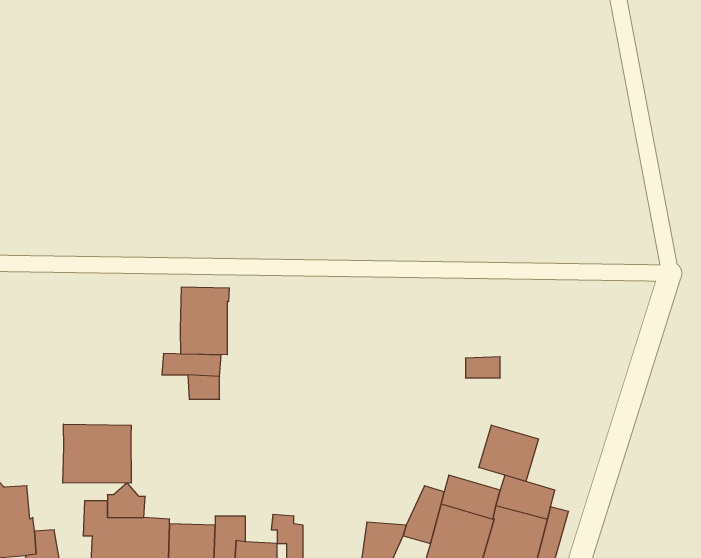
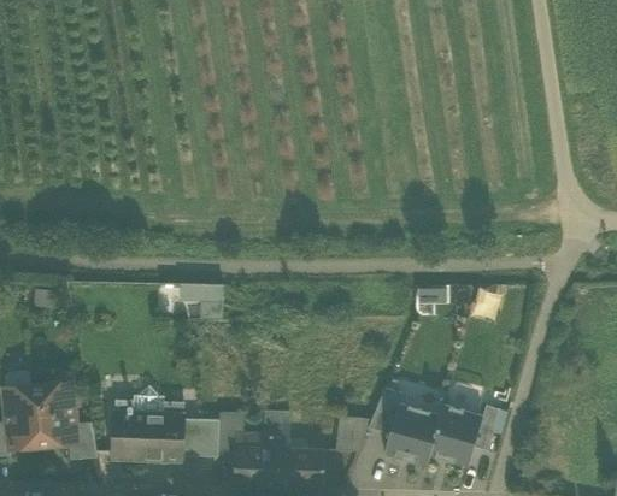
building: [180,287,229,355] -> none
building: [63,424,131,483] -> none
building: [479,425,538,481] -> none

